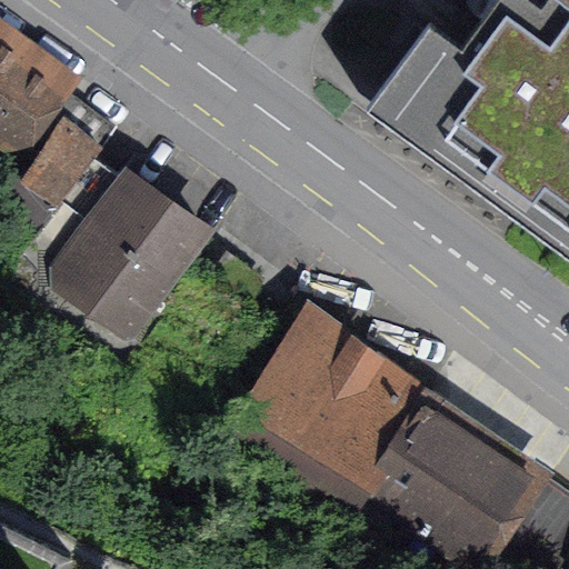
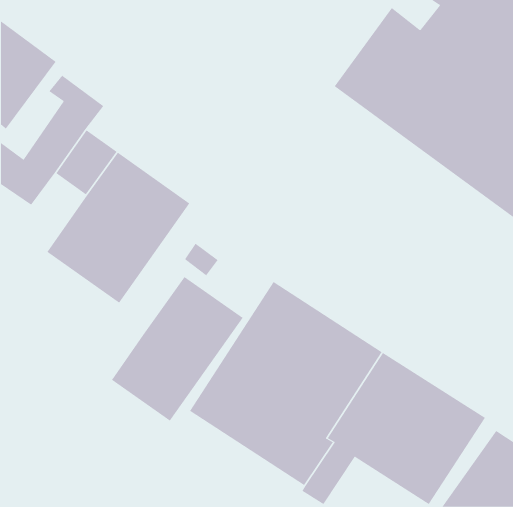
building: none -> [111,276,243,422]

